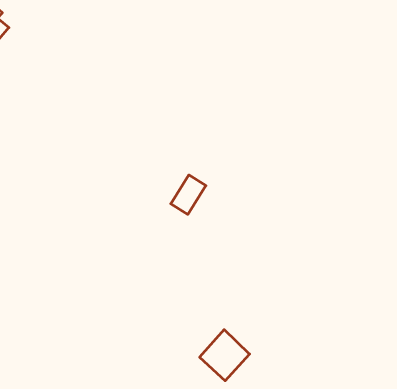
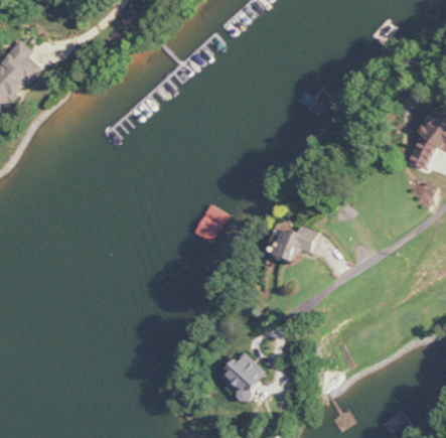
building: none -> [271,225,316,262]

